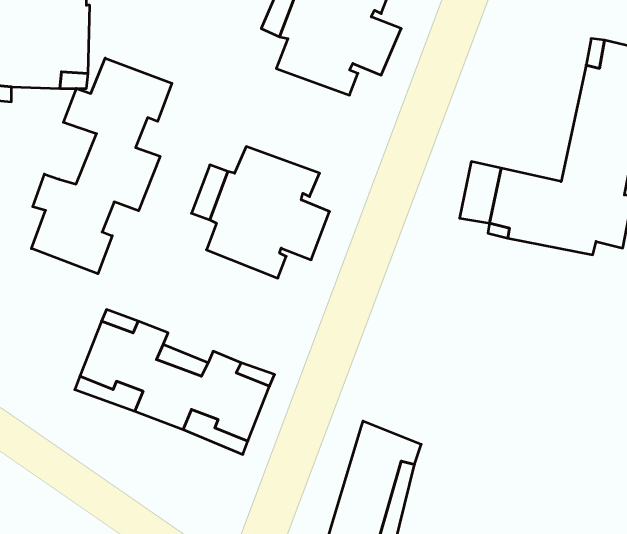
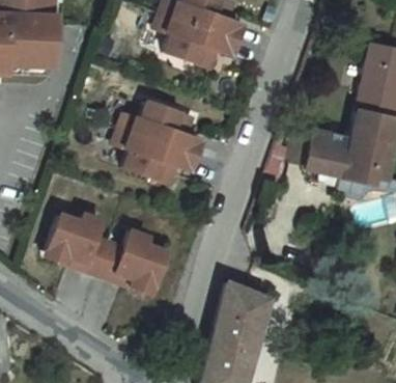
building: [31,58,172,274] -> none

